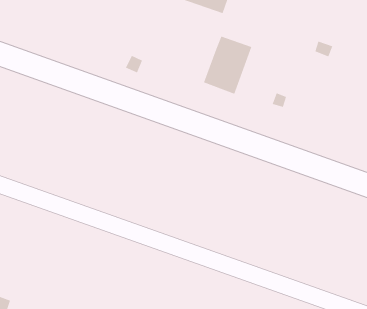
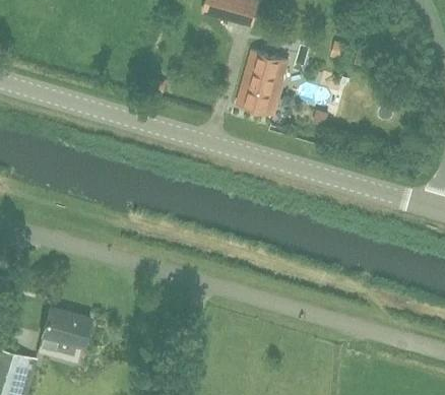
building: none -> [43,309,91,355]

